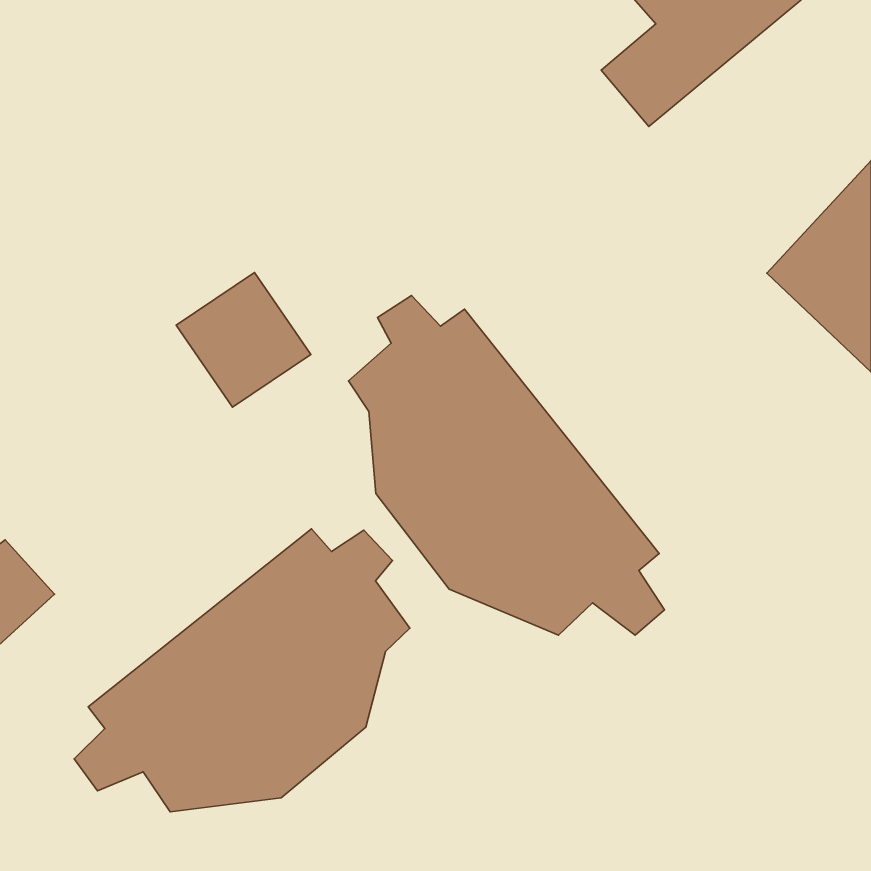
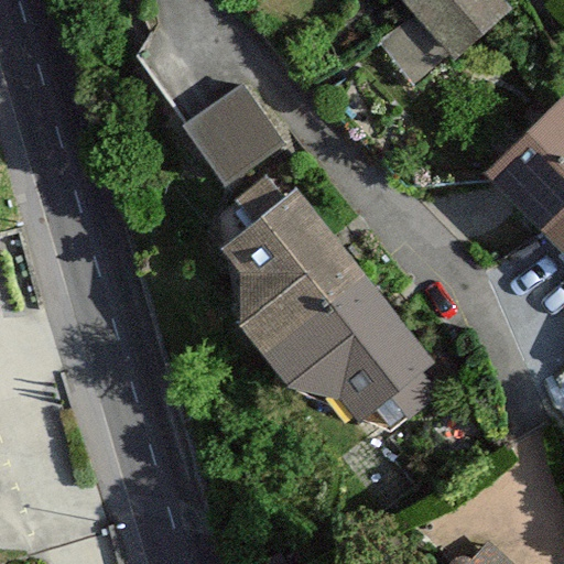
building: [176,272,311,407] -> [191,90,278,177]
building: [74,529,410,812] -> none

